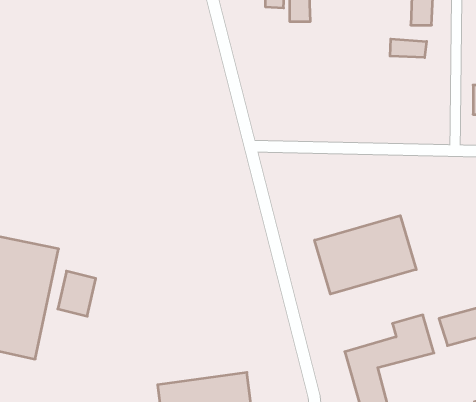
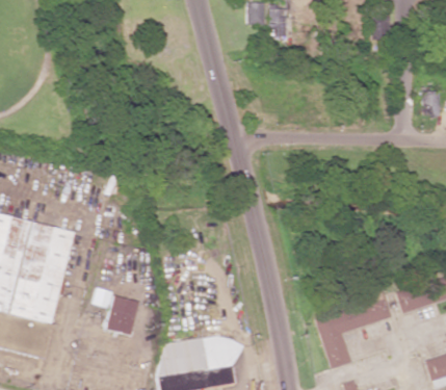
building: [390,39,427,58] -> none
building: [315,216,416,294] -> none
building: [58,271,96,316] -> [107,295,139,334]

